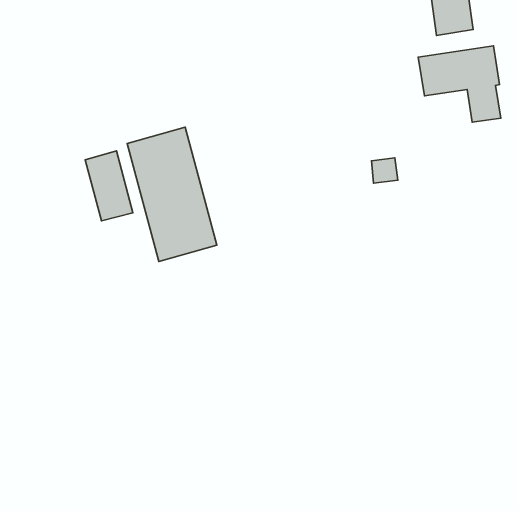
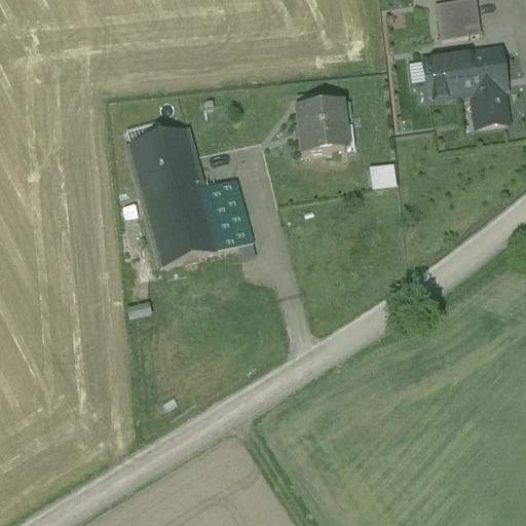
building: none -> [299,100,348,152]
building: [85,151,133,221] -> [203,177,252,248]

